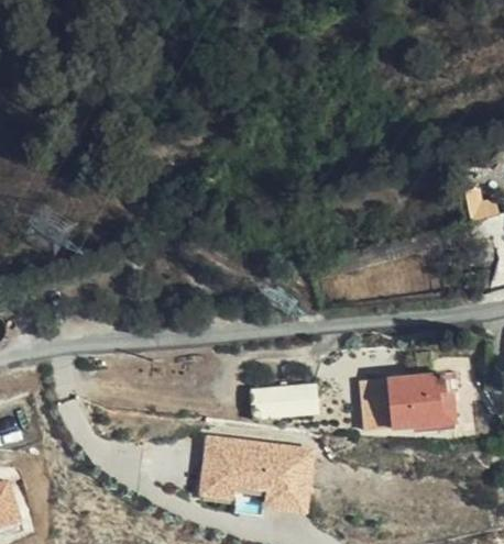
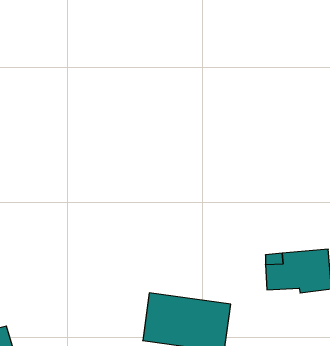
building: [256,384,319,418] -> none

